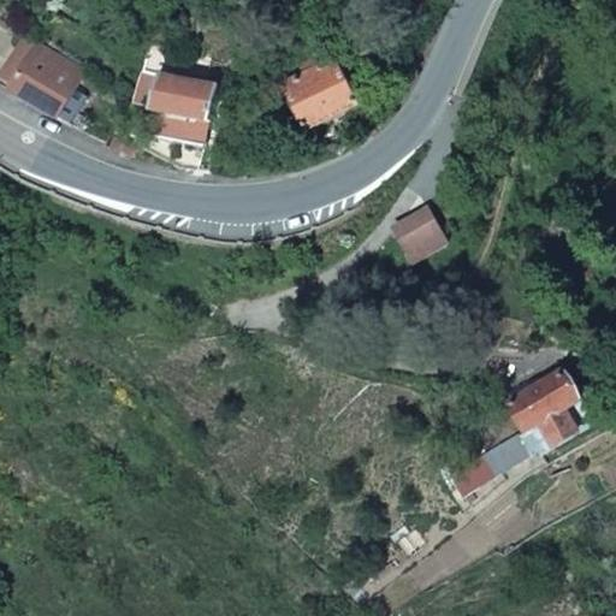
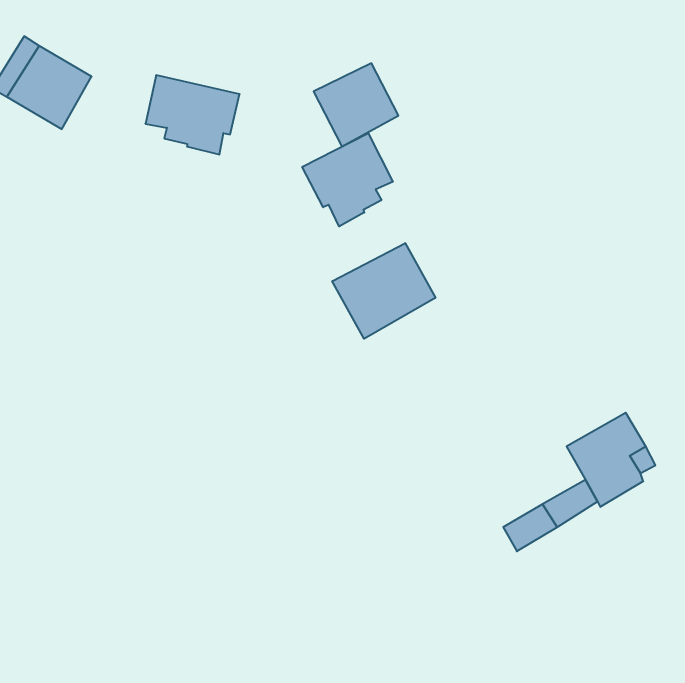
building: none -> [302,133,393,226]
building: [395,208,448,261] -> none
building: none -> [332,243,435,339]

